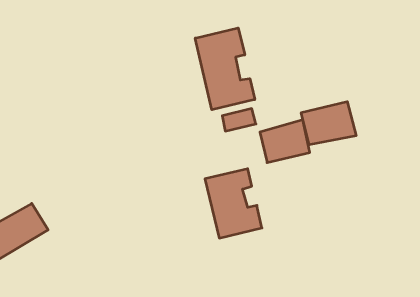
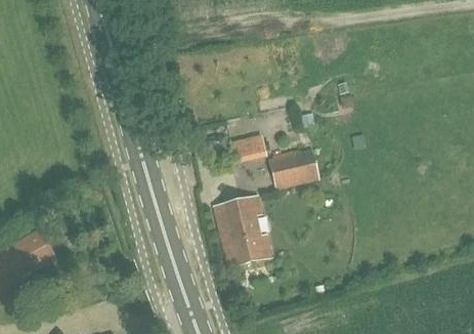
building: [195,28,255,110] -> none
building: [301,102,356,145] -> none

